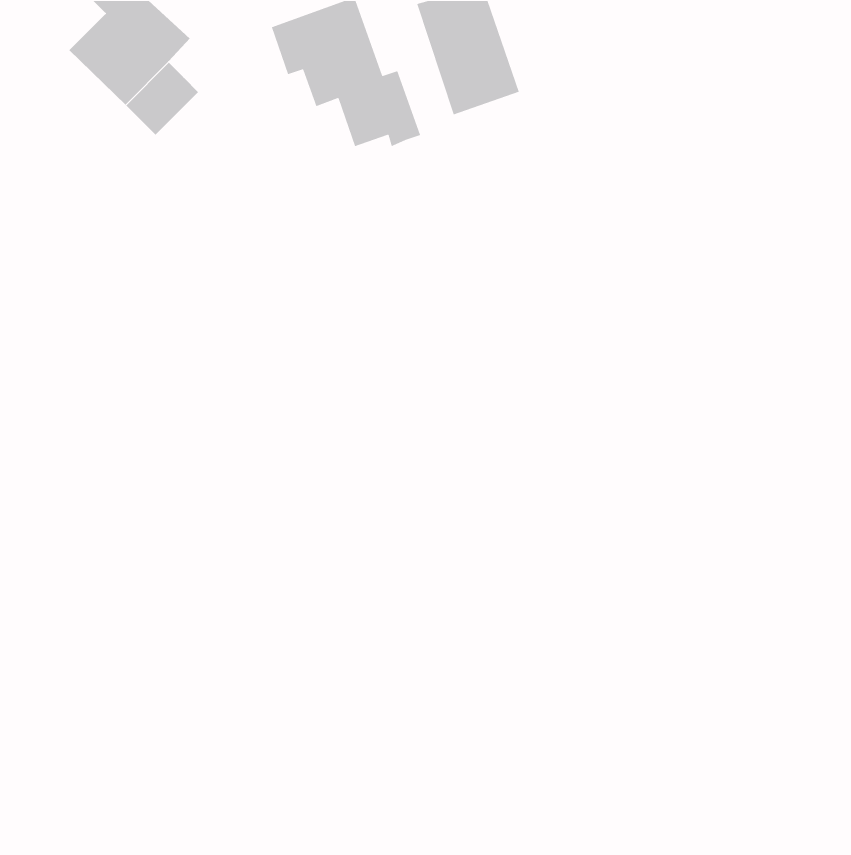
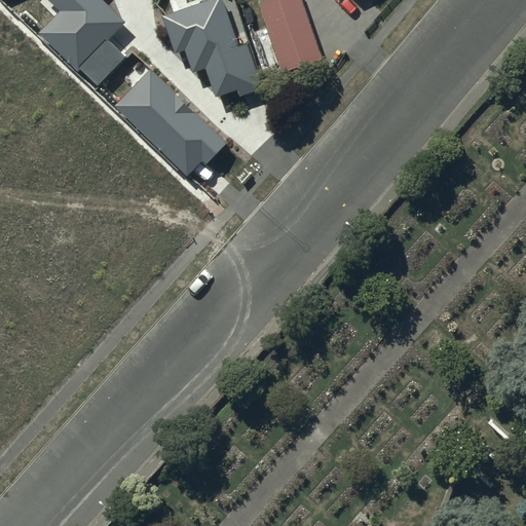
building: none -> [120,73,221,170]

